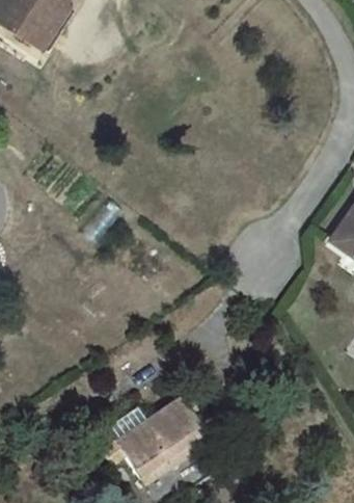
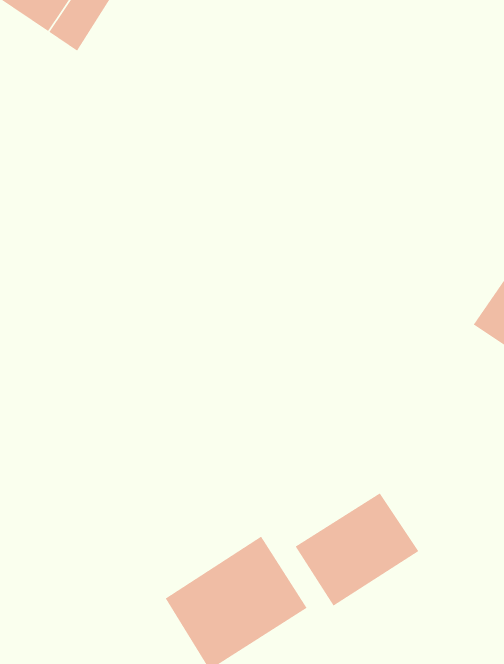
building: none -> [295,492,419,606]

